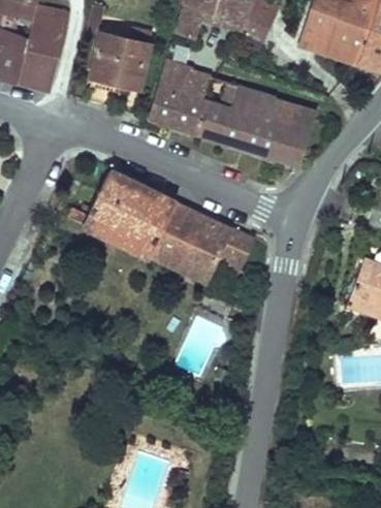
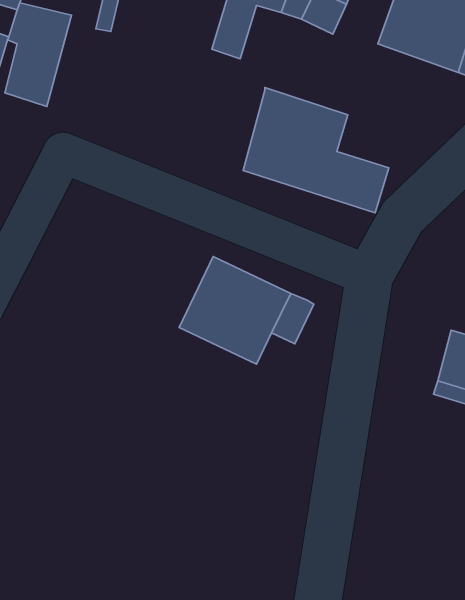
building: [90,26,154,88] -> none
building: [150,67,214,136] -> none
building: [268,94,317,134] -> none
building: [69,172,174,255] -> none

